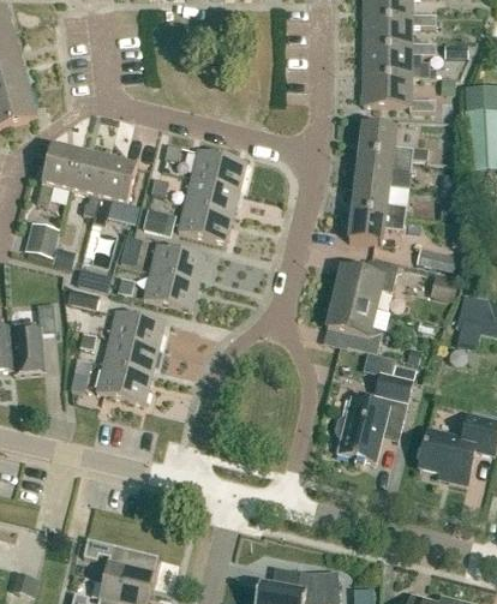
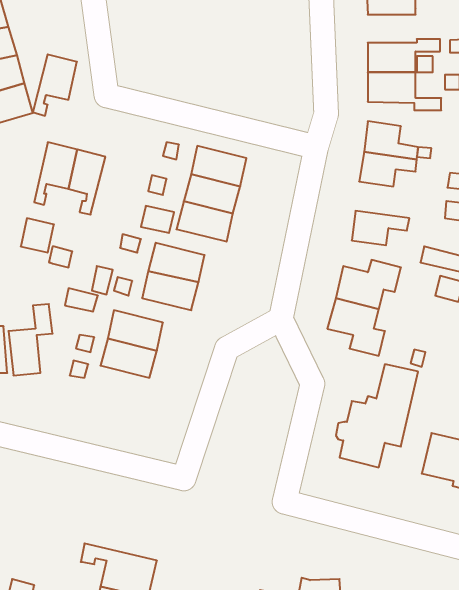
building: [364,14,435,48] -> none
building: [92,160,136,220] -> [33,54,77,116]
building: [352,184,406,220] -> none
building: [95,364,150,402] -> none

